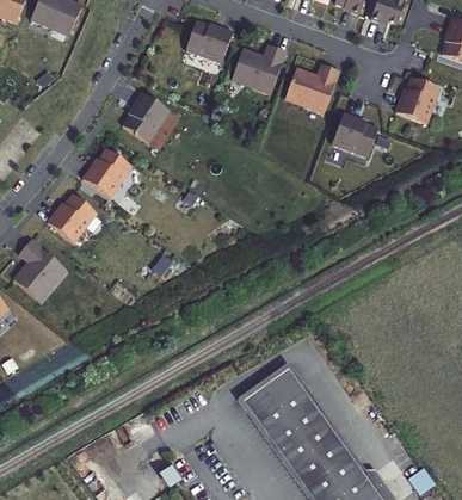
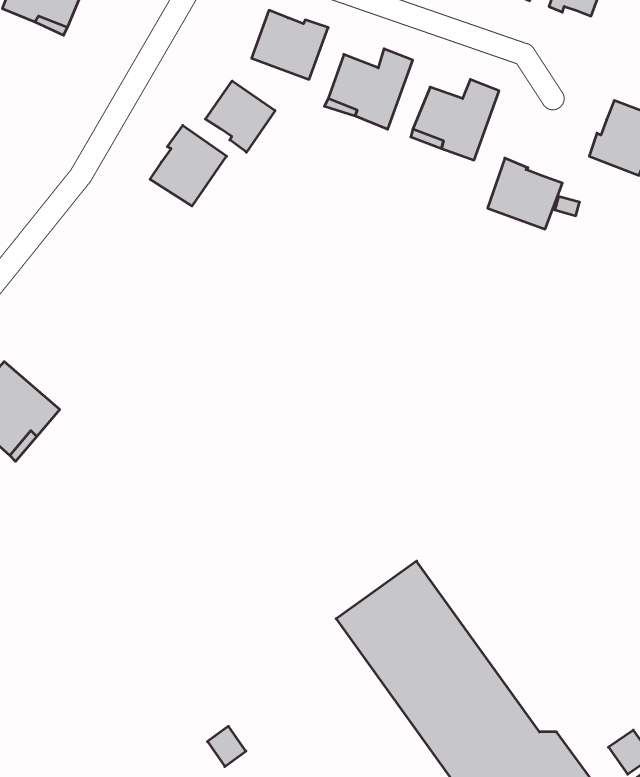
building: none -> [205,81,275,152]
building: [82,148,131,197] -> none
building: [47,193,97,242] -> none

